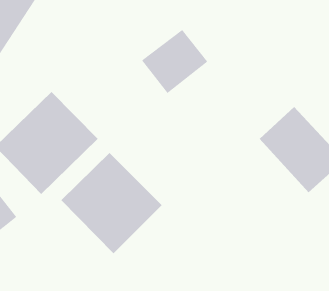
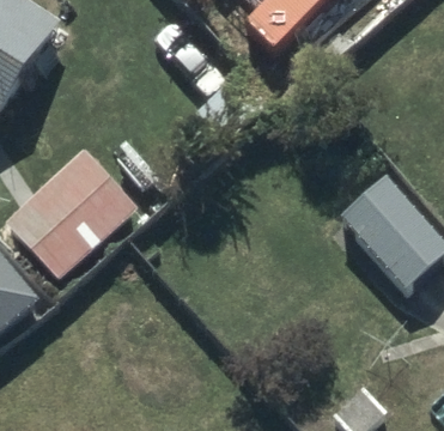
building: [60,152,162,254] -> none

